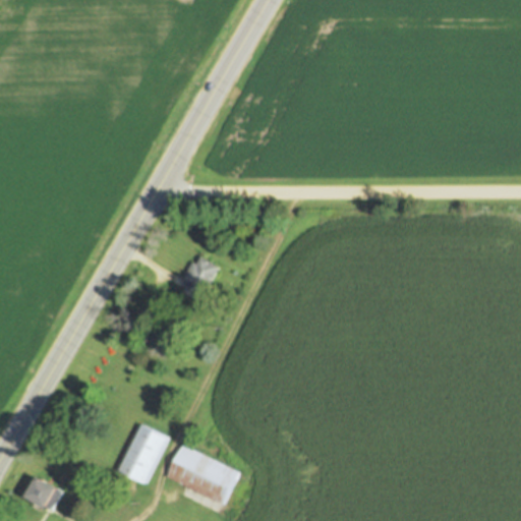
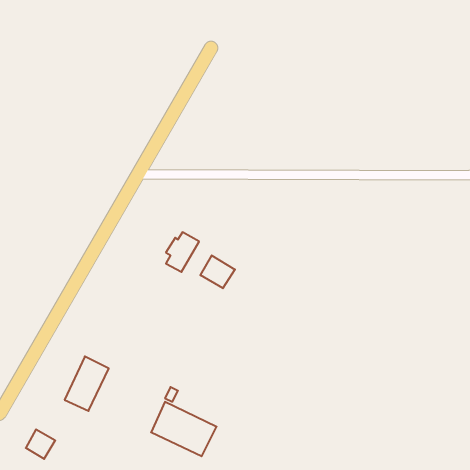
building: none -> [200,255,235,288]
building: [117,424,166,484] -> [65,356,109,411]

